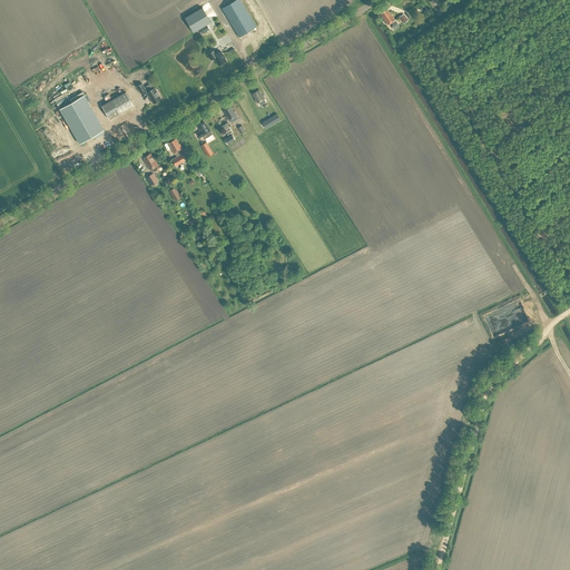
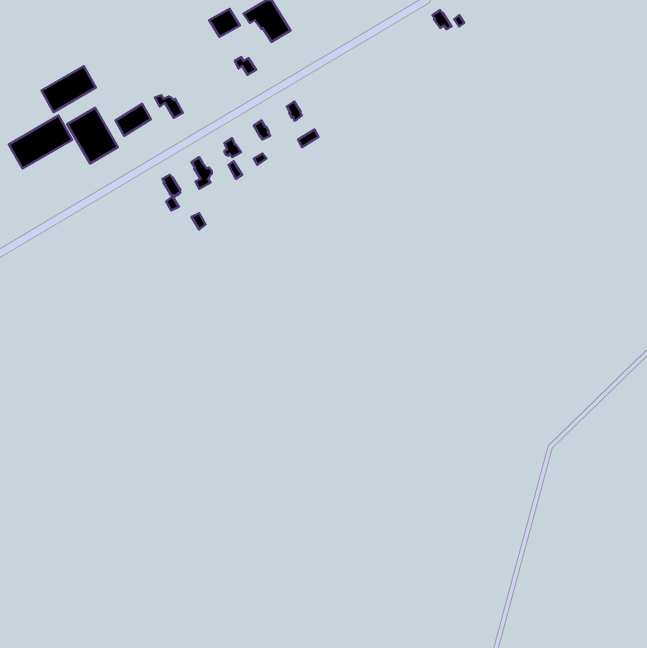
building: none -> [41,66,96,112]
building: none -> [9,116,72,169]

